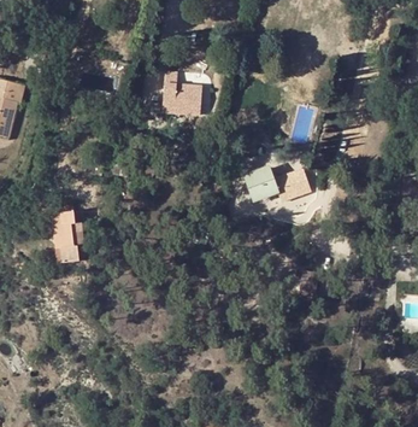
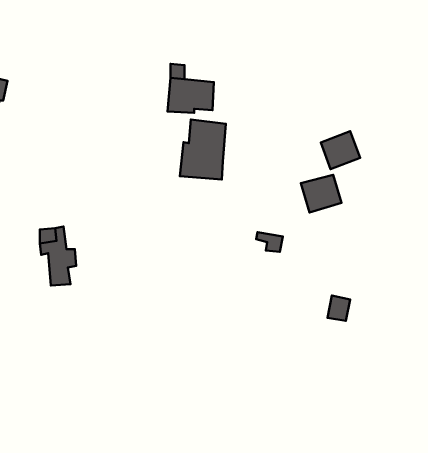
building: none -> [180,120,226,180]
building: [245,168,278,200] -> [321,131,360,169]

